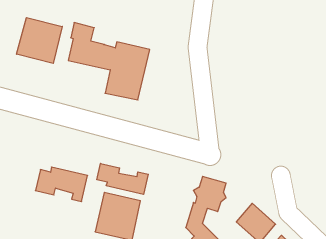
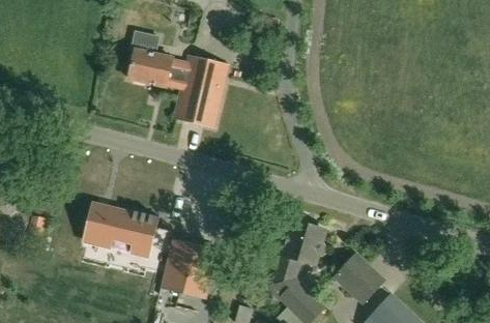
building: [17,18,62,63] -> none
building: [97,163,148,194] -> none

